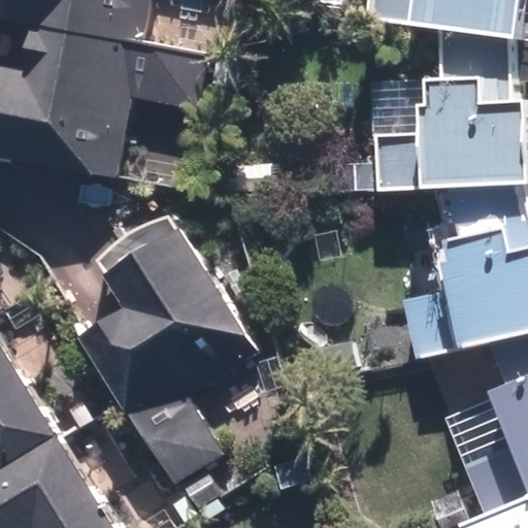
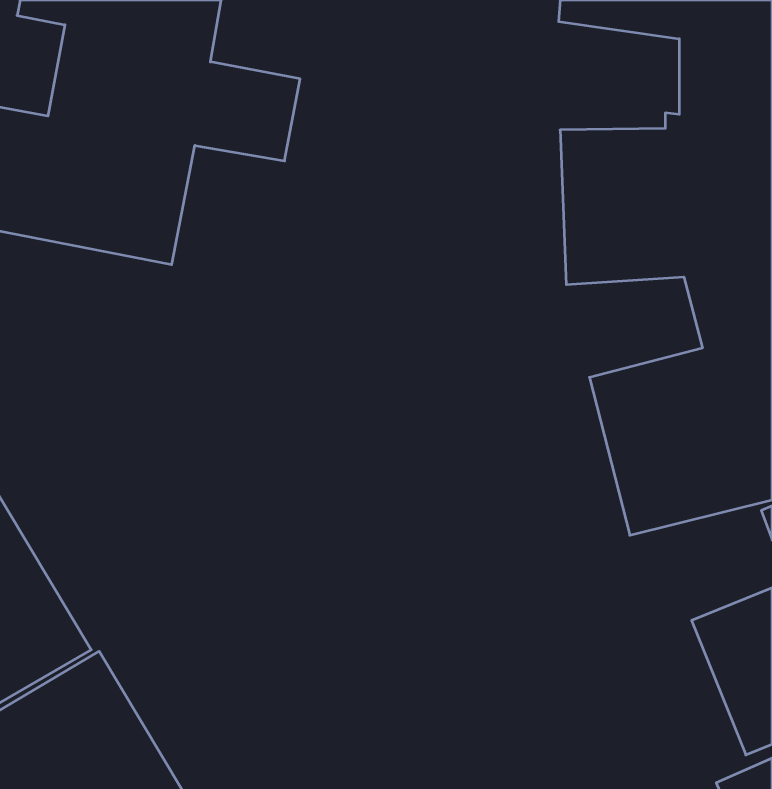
building: [86,229,256,481] -> none

